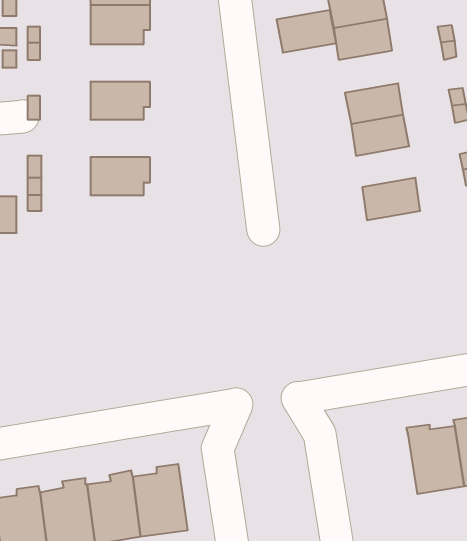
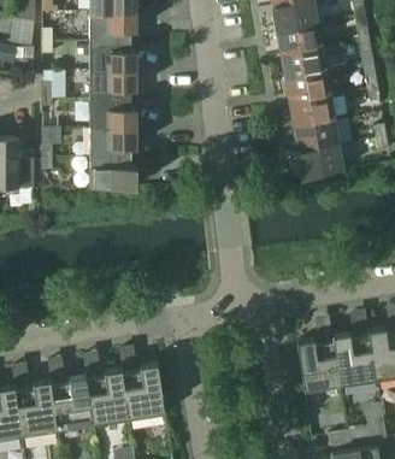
building: [276,10,336,53] -> [281,47,326,80]
building: none -> [90,42,136,71]
building: none -> [90,100,136,129]
building: none -> [294,120,340,152]
building: none -> [90,158,136,188]
building: none -> [297,339,341,392]

